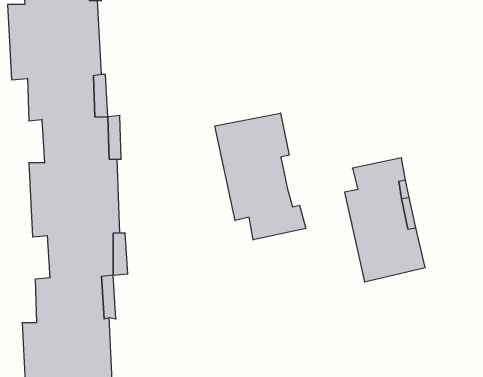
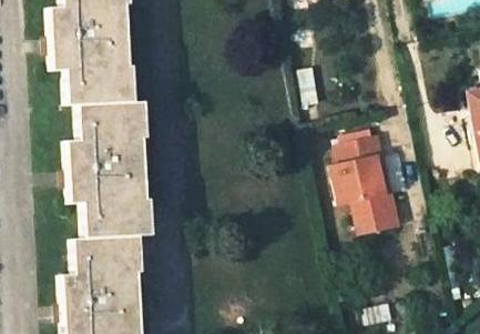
building: [215,113,306,240] -> none

